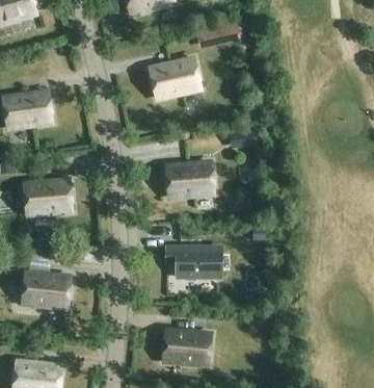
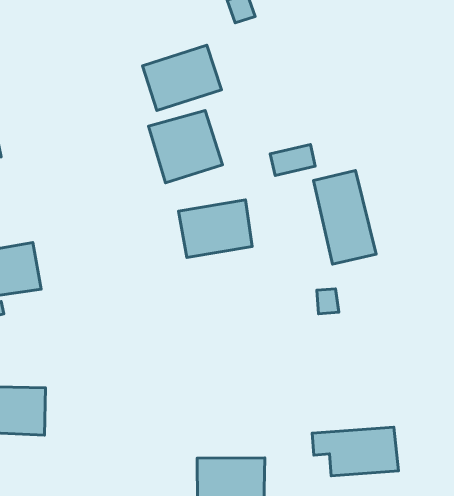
building: none -> [149,110,222,183]
building: none -> [313,170,376,264]
building: [165,247,220,276] -> [312,427,399,476]

